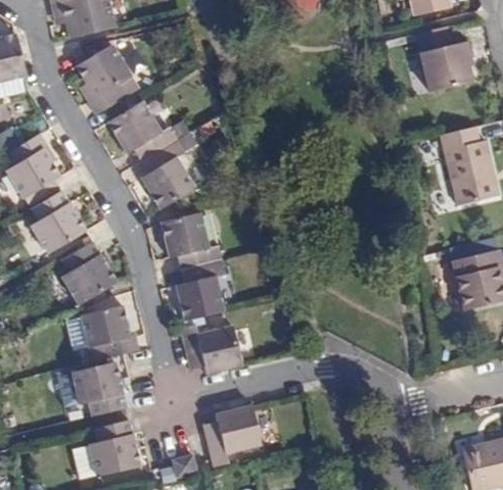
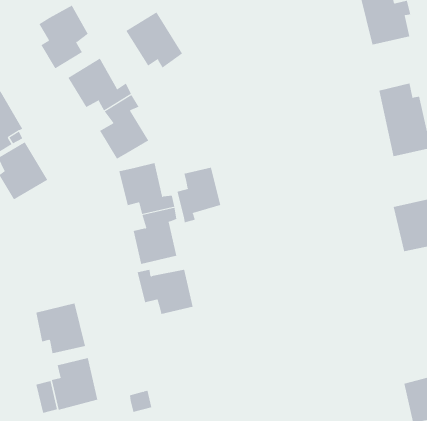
building: none -> [126,11,183,68]
building: none -> [177,167,221,223]
building: [63,241,118,304] -> none
building: [83,306,140,360] -> none
building: [205,405,260,462] -> none

